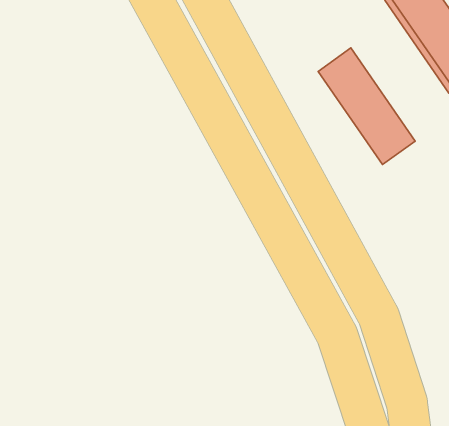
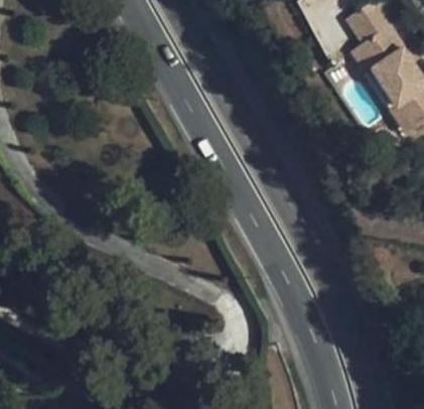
building: [318,48,415,165] -> none

